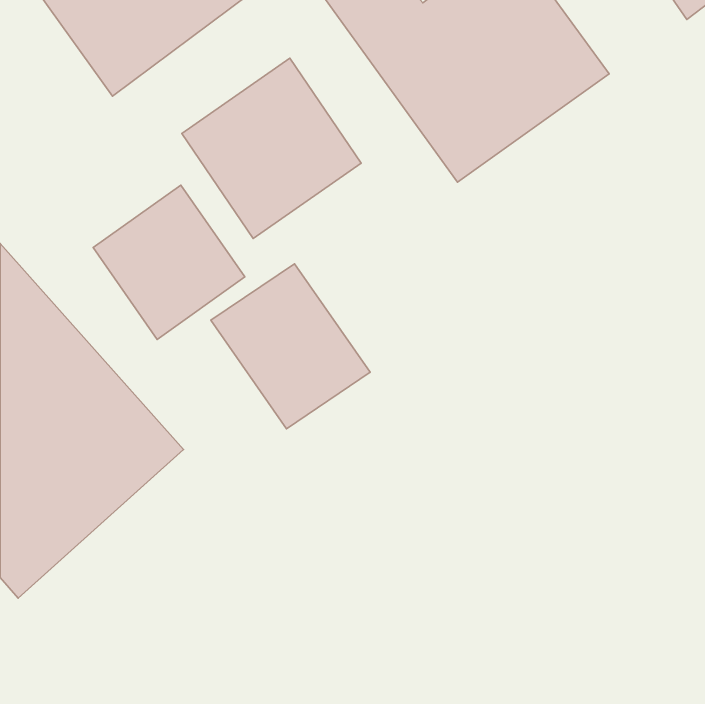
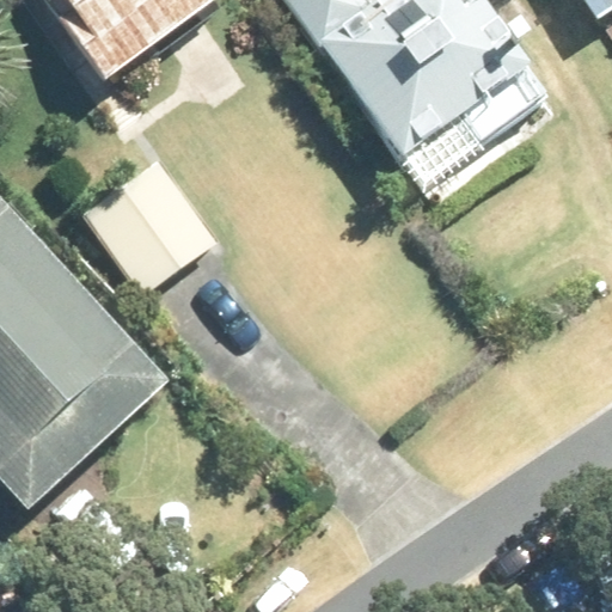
building: [182,58,361,238] -> none
building: [211,264,370,429] -> none

